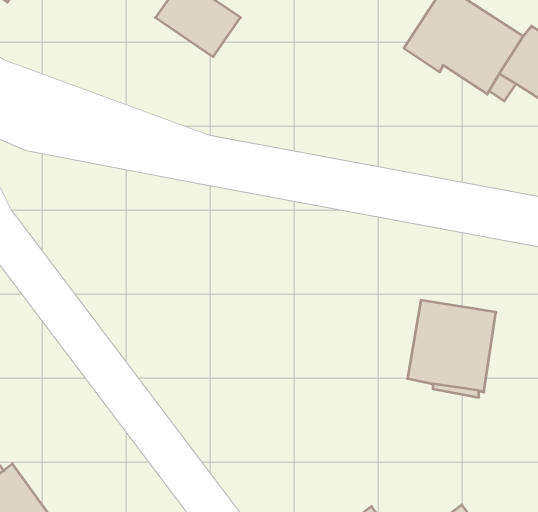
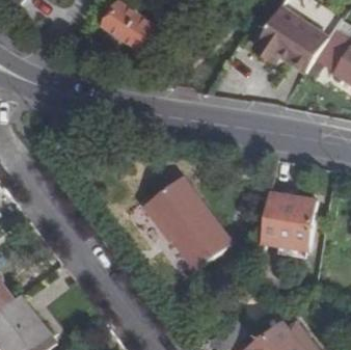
building: none -> [140,178,228,269]

